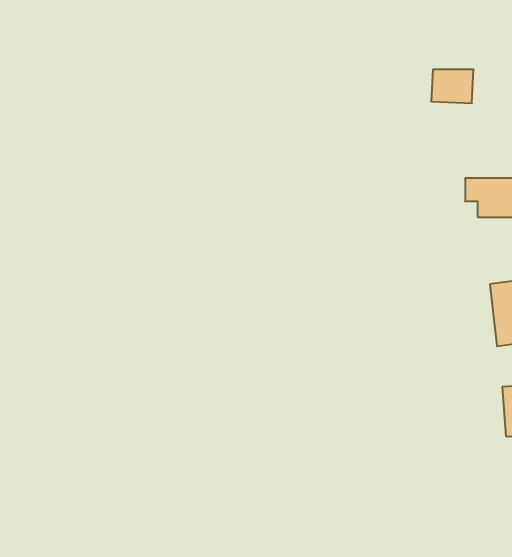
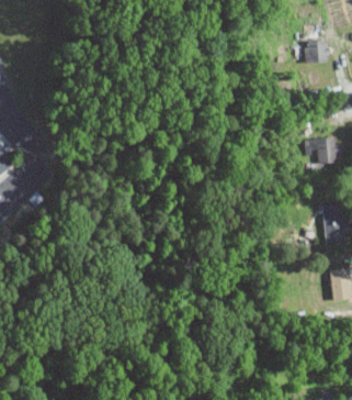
building: [431,70,474,103] -> [304,42,330,63]

